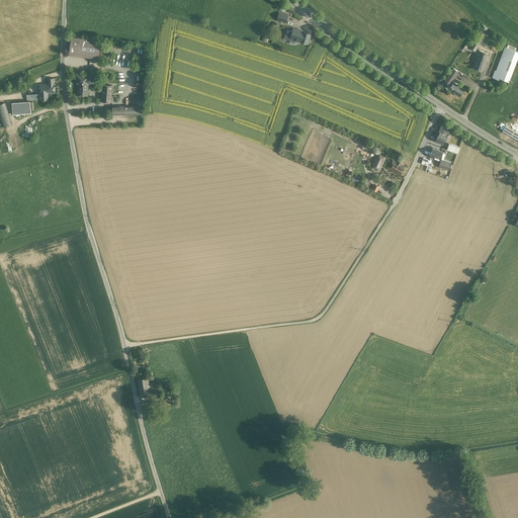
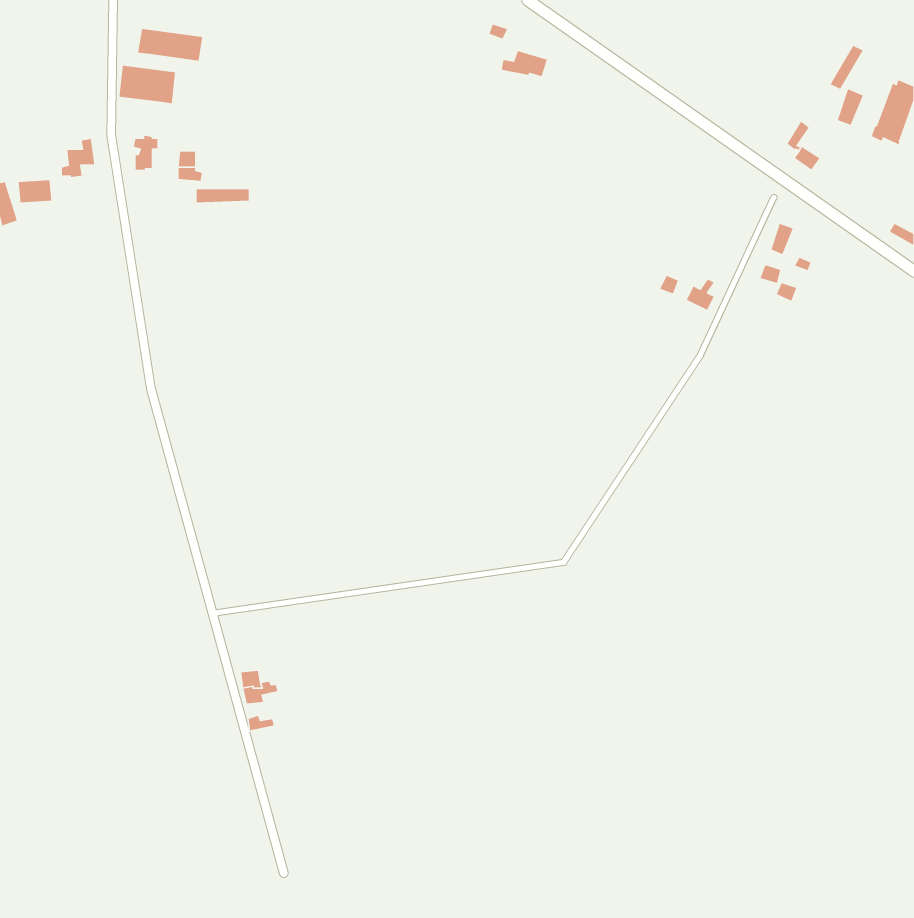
building: none -> [137,28,203,61]

